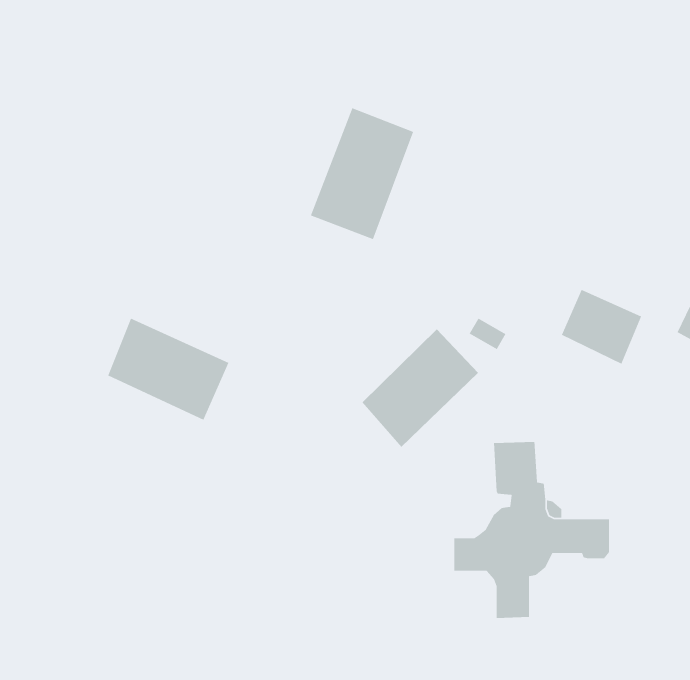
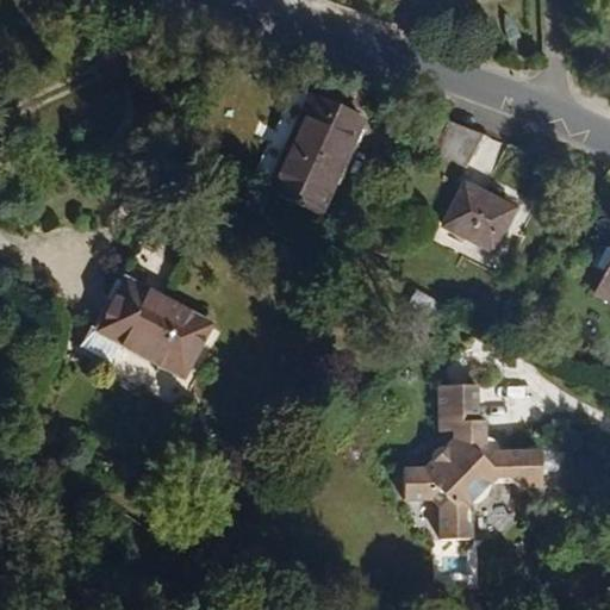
building: [561,289,642,365] -> [443,178,515,244]
building: [362,329,479,448] -> none

